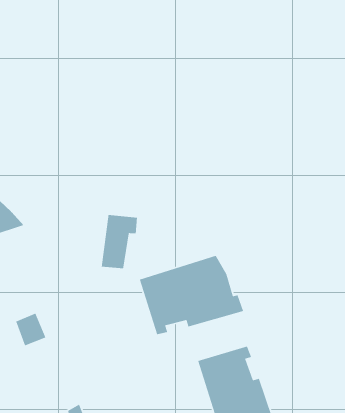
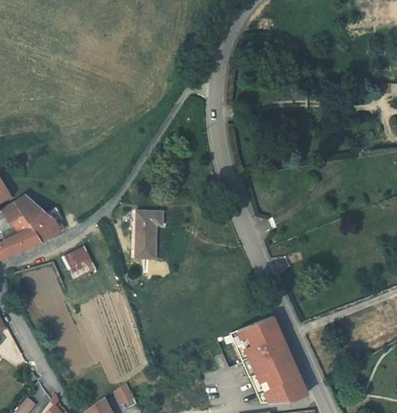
building: [139,255,244,335] -> none
building: [15,313,46,346] -> [70,251,98,282]

